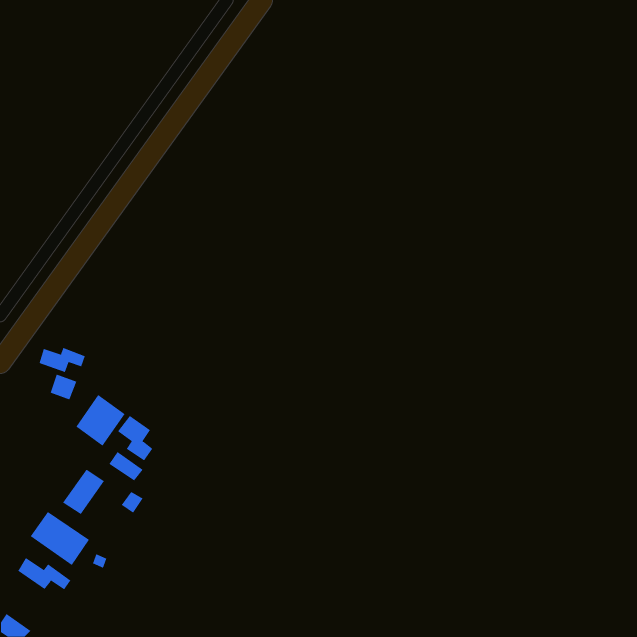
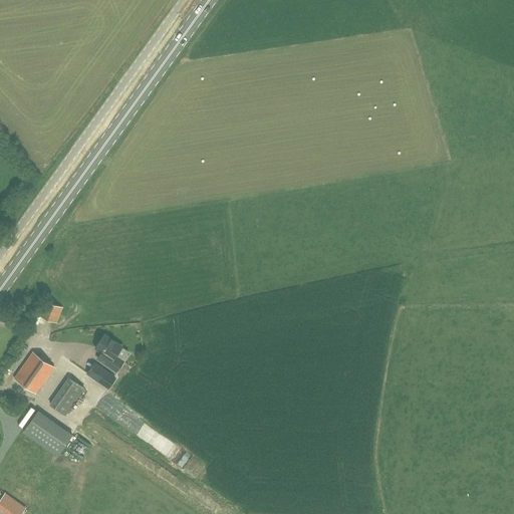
building: [39,347,86,373] -> none
building: [75,394,125,447] -> [14,351,54,394]
building: [17,557,71,590] -> none

